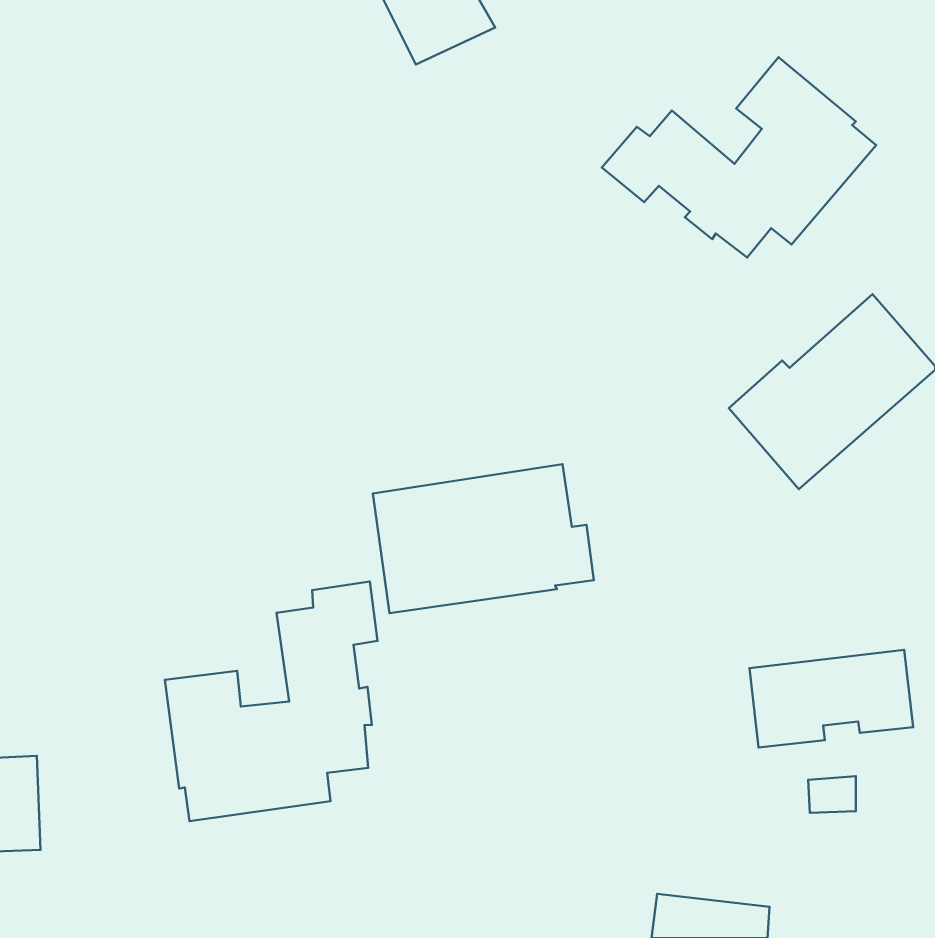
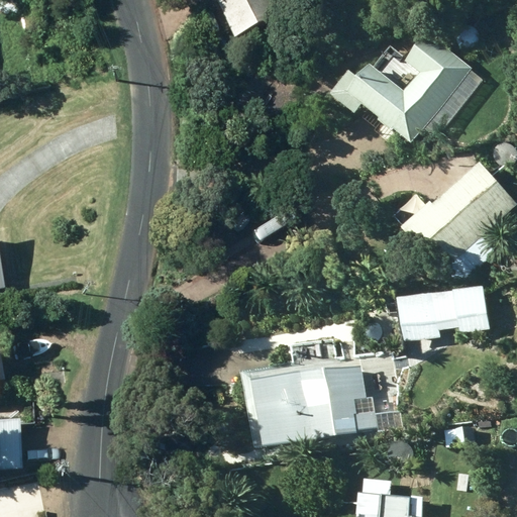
building: [373,464,594,613] -> [254,363,376,444]
building: [165,581,377,821] -> none
building: [749,650,913,747] -> [398,286,488,339]

